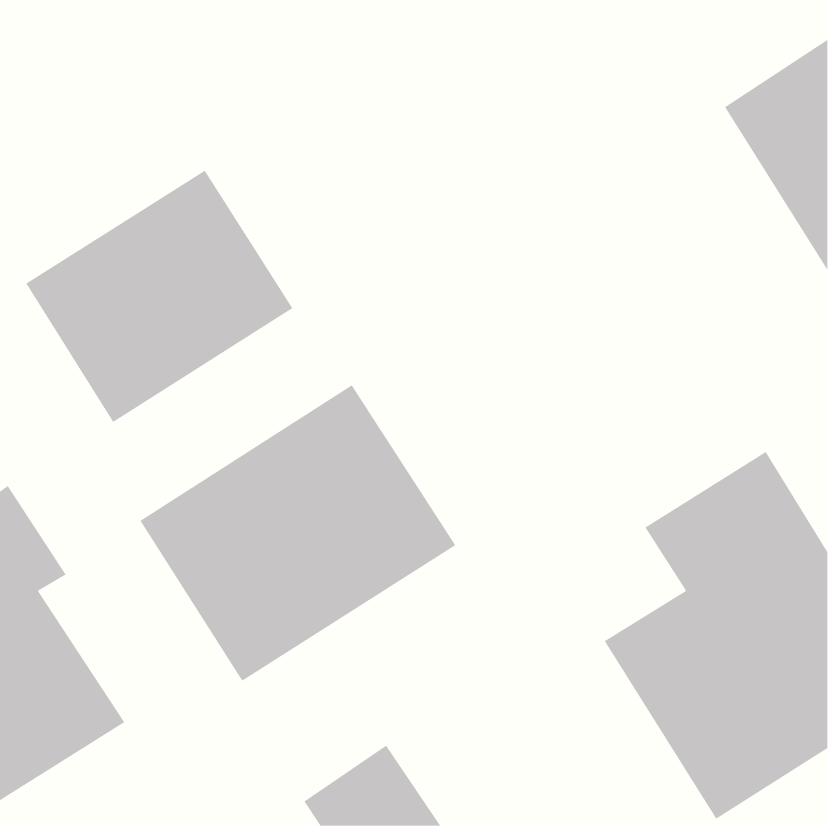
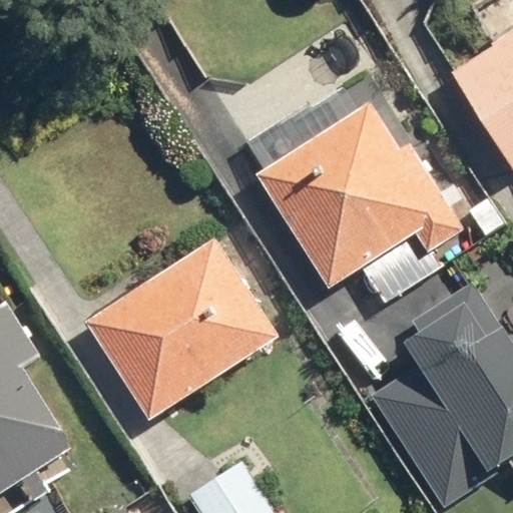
building: none -> [255,101,466,290]
building: [25,170,293,423] -> none

